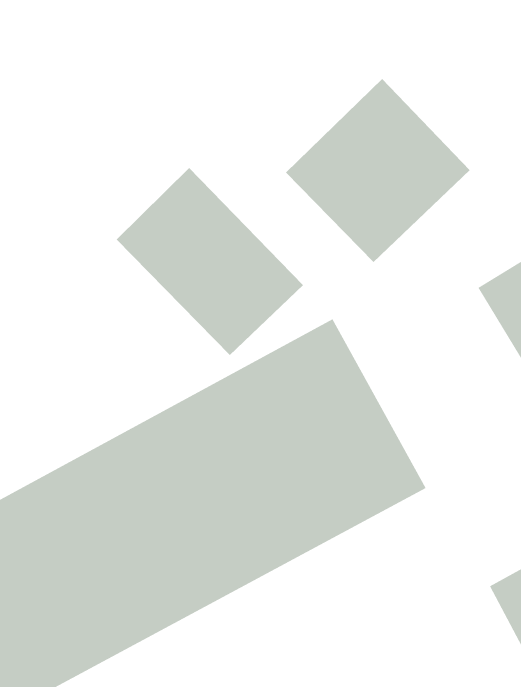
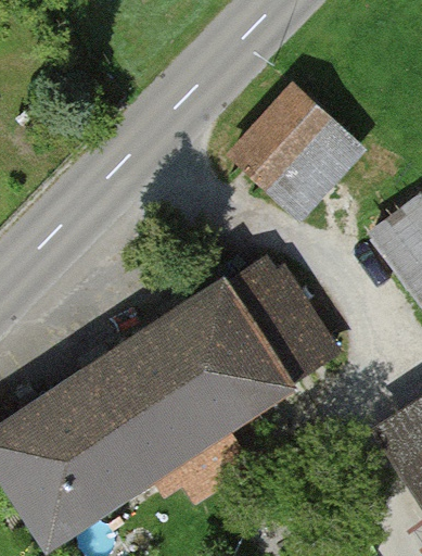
building: [116,167,304,356] -> none

